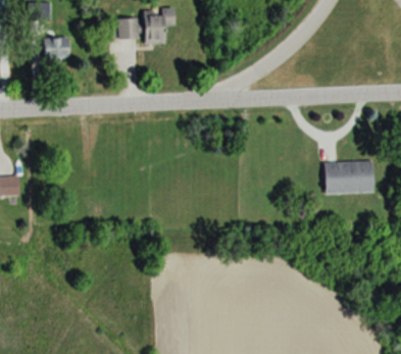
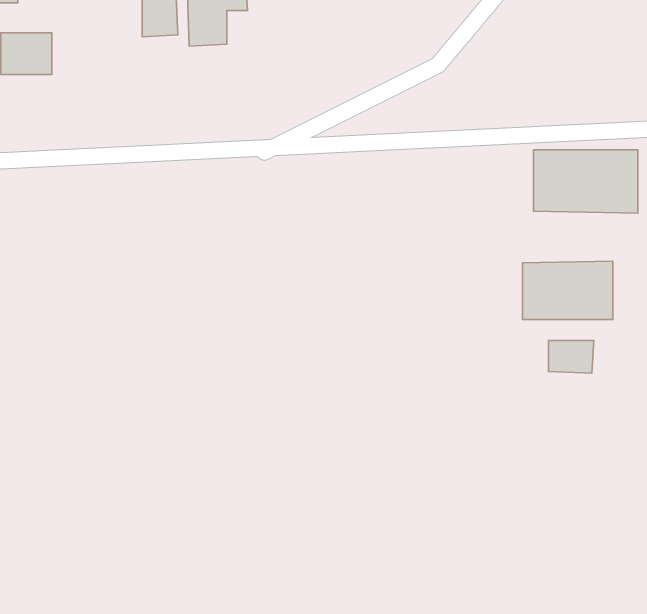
building: none -> [533,150,638,213]
building: none -> [549,340,594,373]

